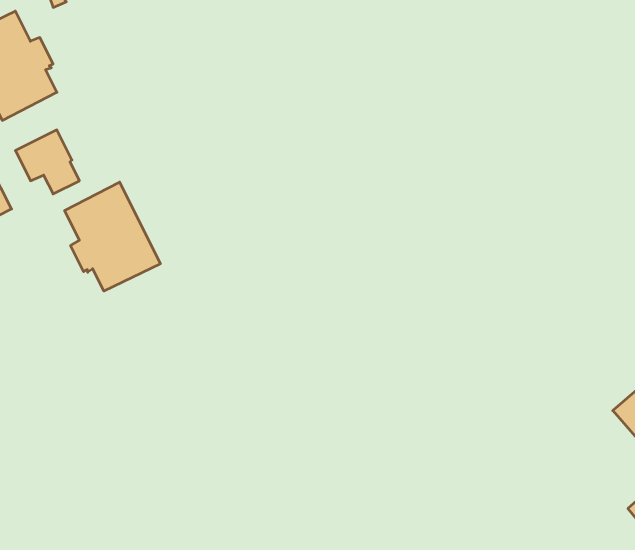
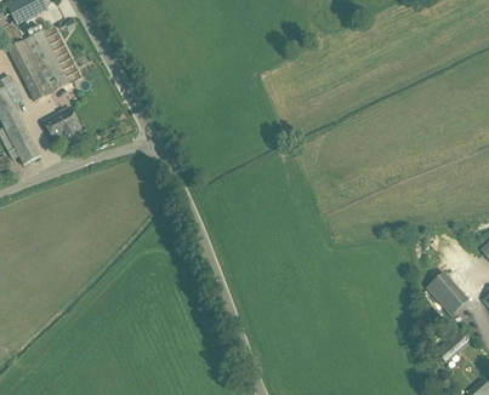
building: [65,182,160,291] -> none

